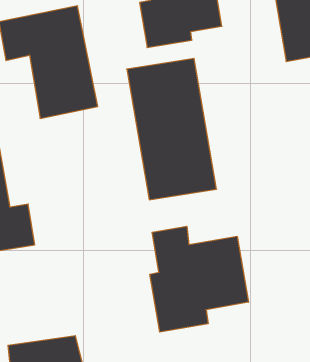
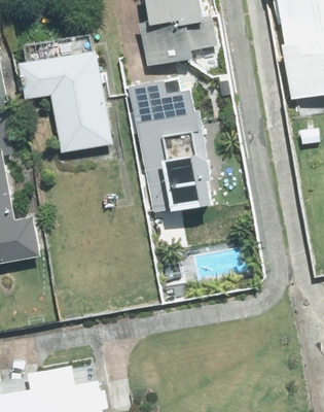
building: [150,226,248,332] -> none

